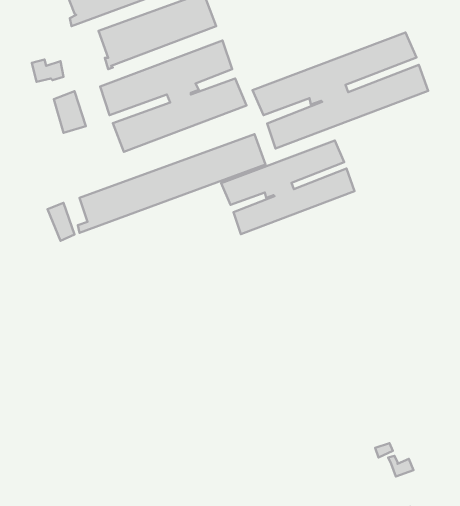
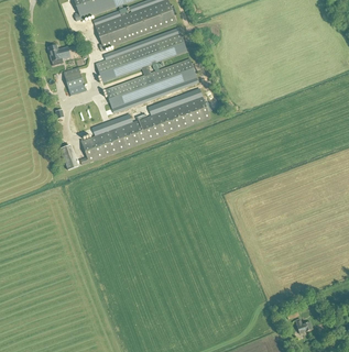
building: [253,33,428,148] -> none
building: [221,140,355,234] -> none

